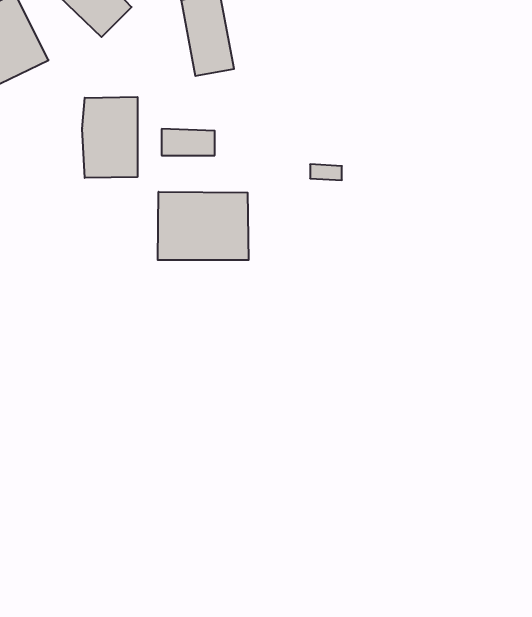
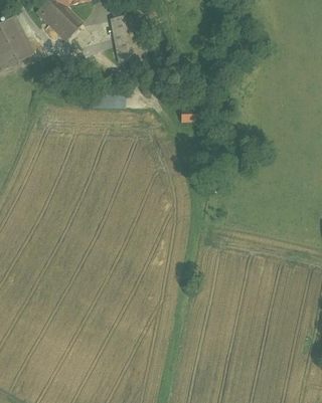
building: [82,97,137,178] -> none
building: [158,192,249,260] -> none

